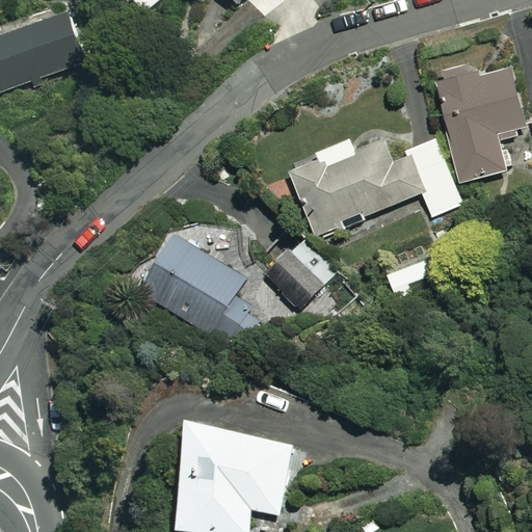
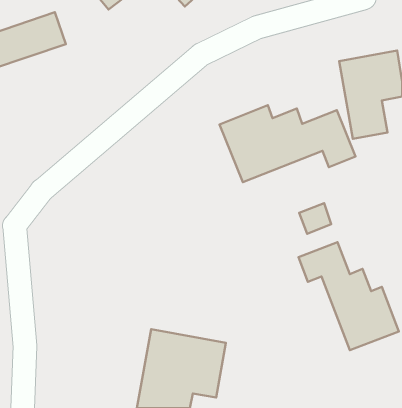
building: [141,237,266,349] -> none
building: [264,251,319,309] -> none
building: none -> [299,242,399,350]

